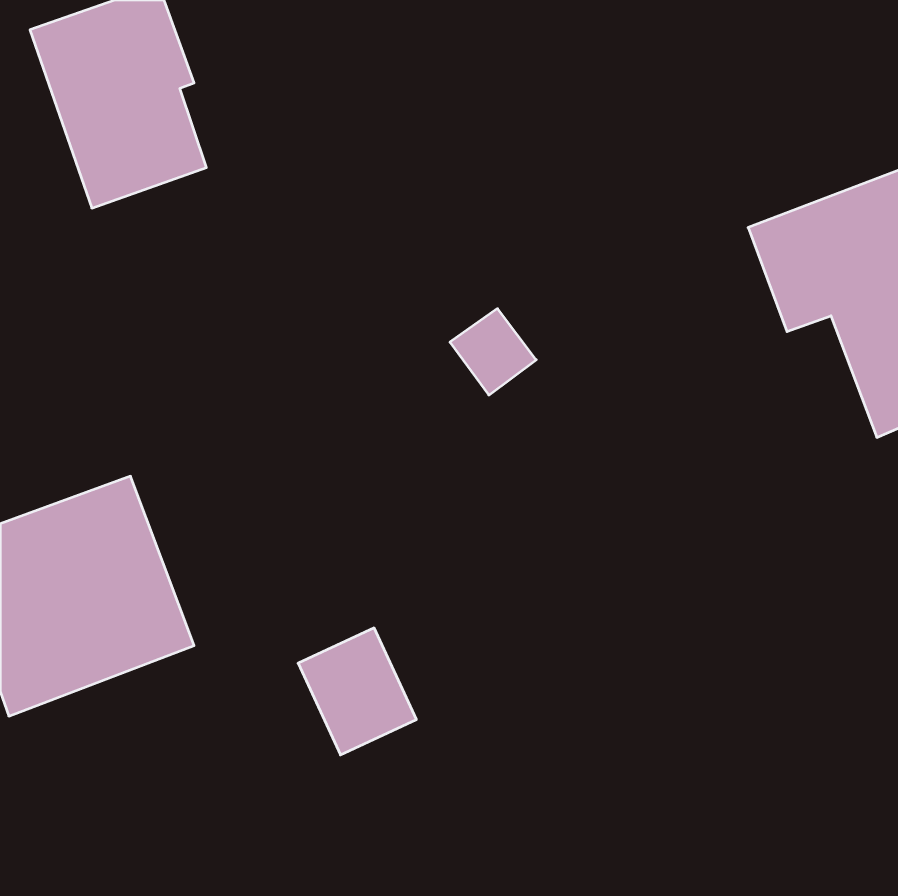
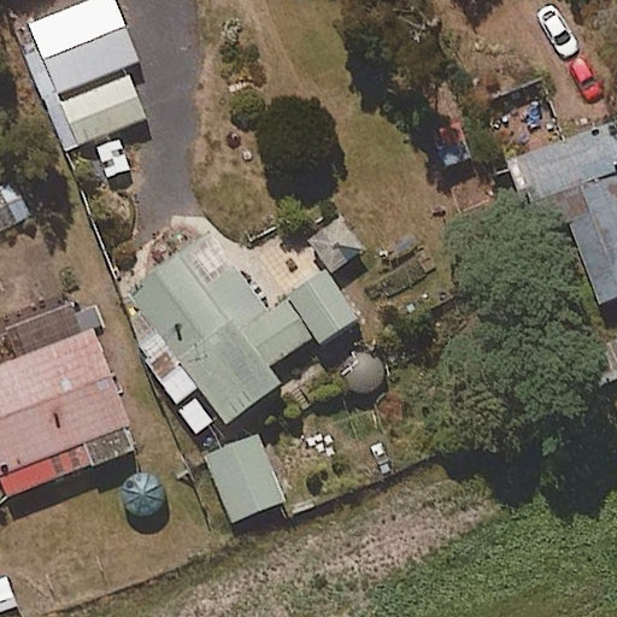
building: none -> [111,234,358,435]

